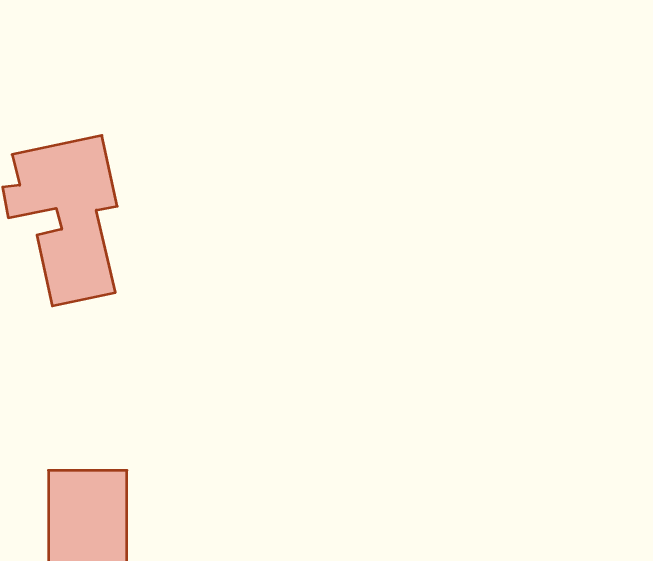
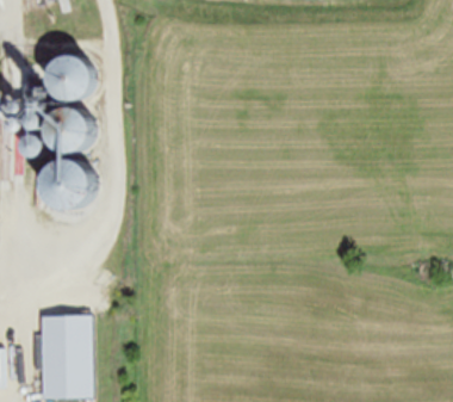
building: none -> [43,55,86,99]

